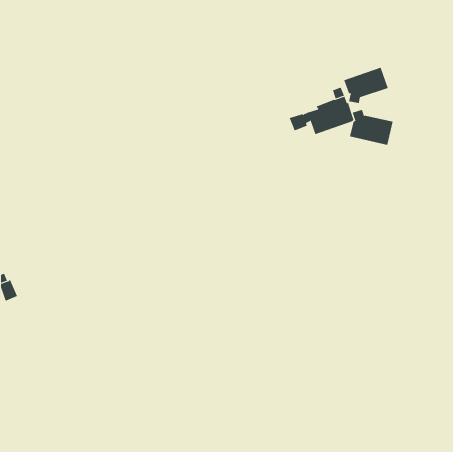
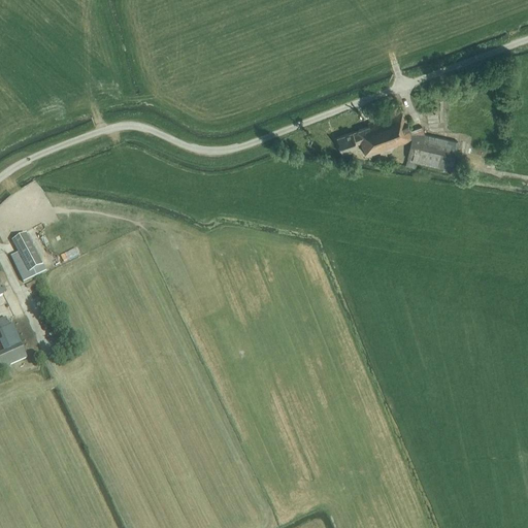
building: [344,67,388,104] -> none
building: none -> [11,236,45,285]

